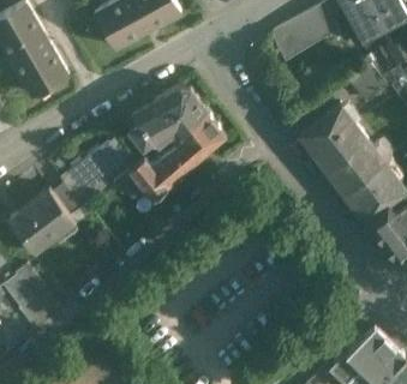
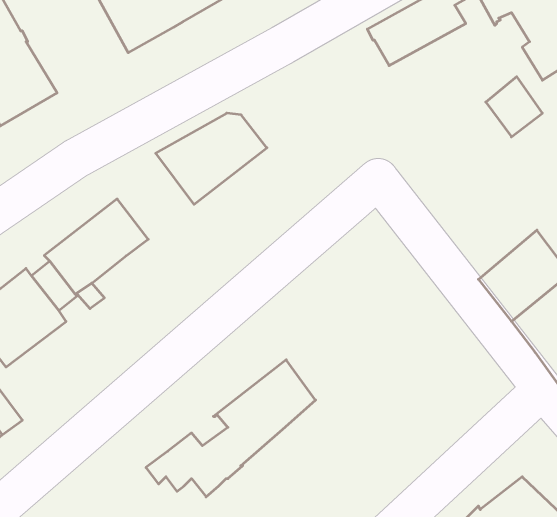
building: [299,108,383,198] -> none
building: [113,112,225,202] -> [146,360,316,497]

